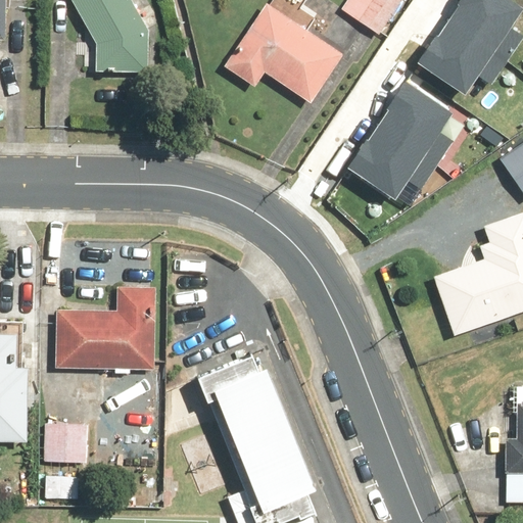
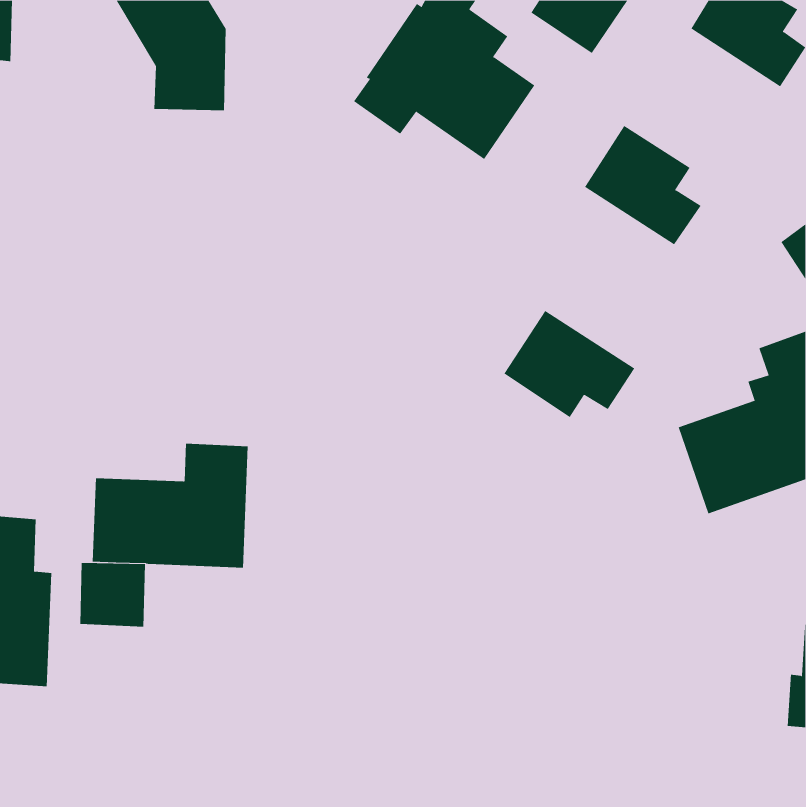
building: [419,19,504,88] -> none
building: [350,122,435,191] -> [504,310,635,418]
building: [197,362,310,516] -> none
building: [46,424,89,466] -> [79,562,146,627]

